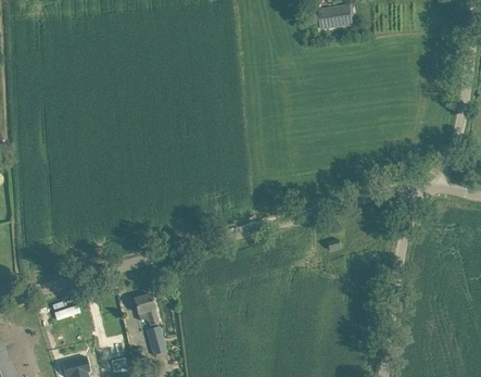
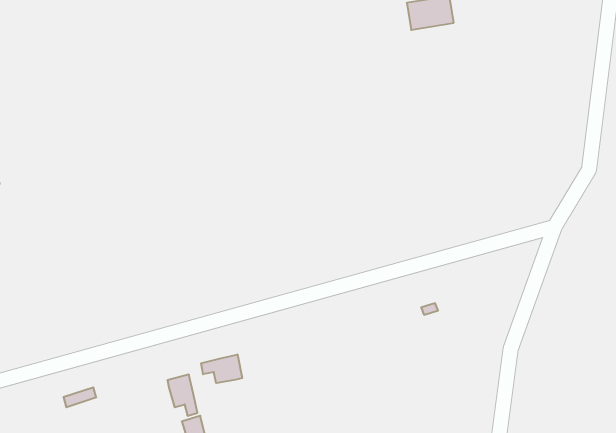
building: none -> [201,354,242,383]

